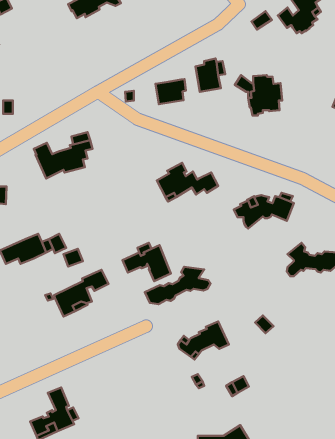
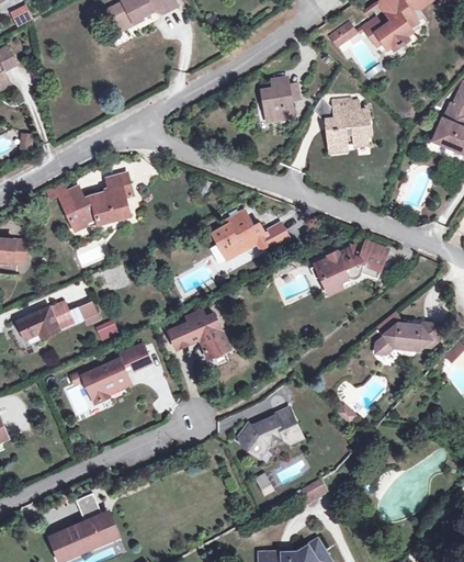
building: [155,79,186,104] -> none
building: [145,267,210,304] -> none

